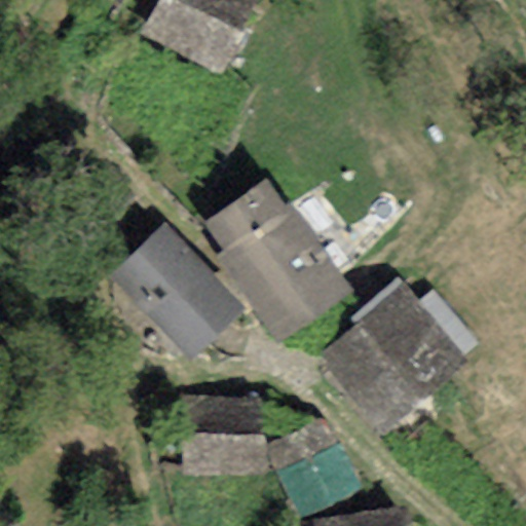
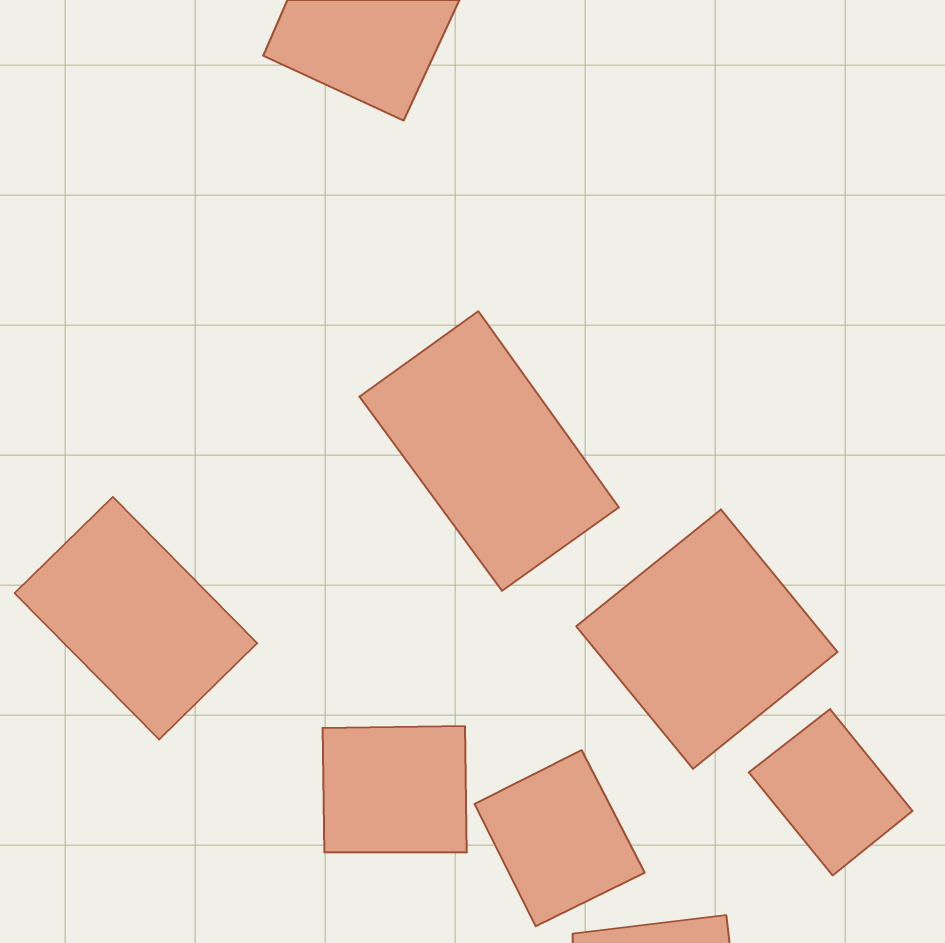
building: [111,223,246,358] -> [15,497,257,740]
building: none -> [749,709,913,875]

